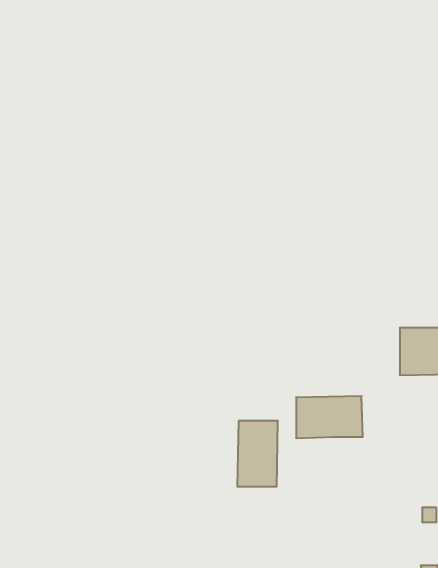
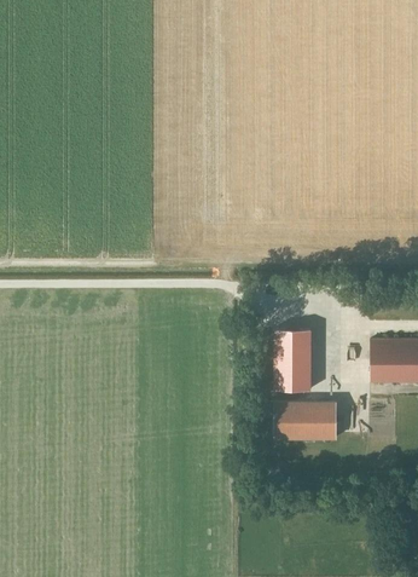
building: [237,421,278,487] -> [274,329,312,390]

